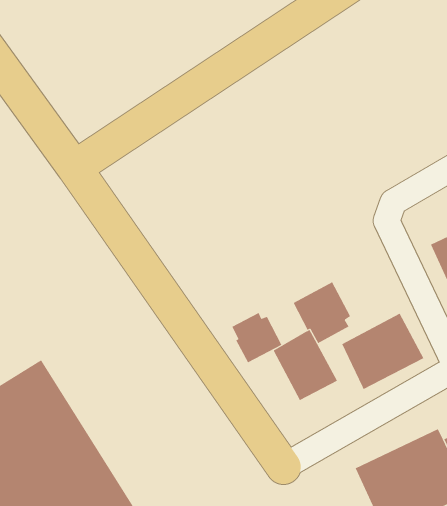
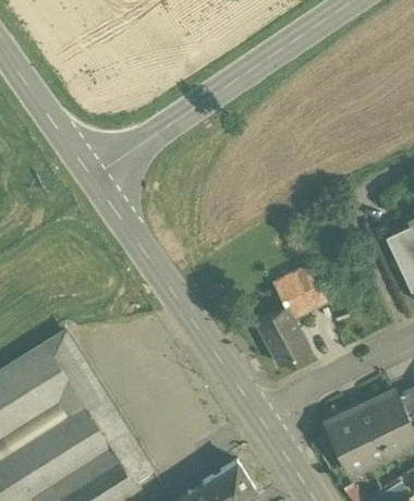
building: [231,312,282,363] -> none
building: [341,313,424,390] -> none

